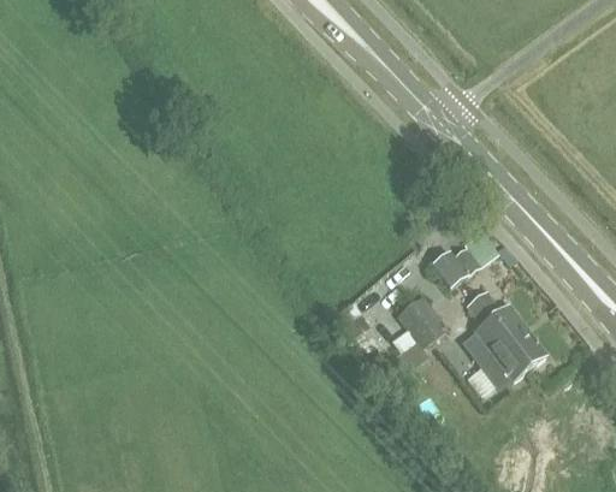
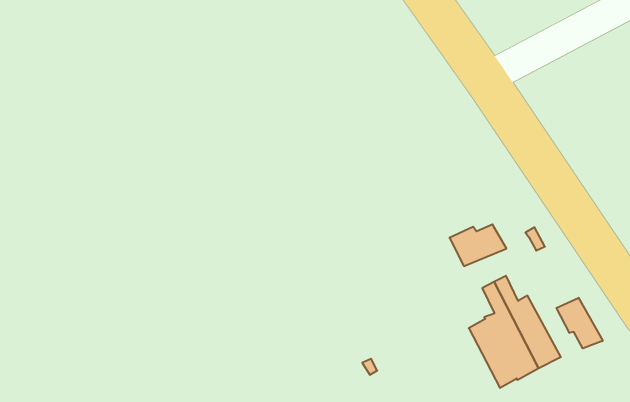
building: [391,295,449,351] -> none
building: none -> [556,298,603,348]

